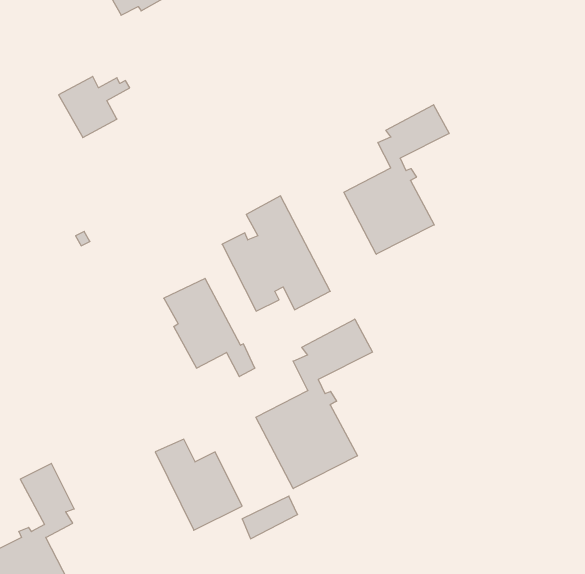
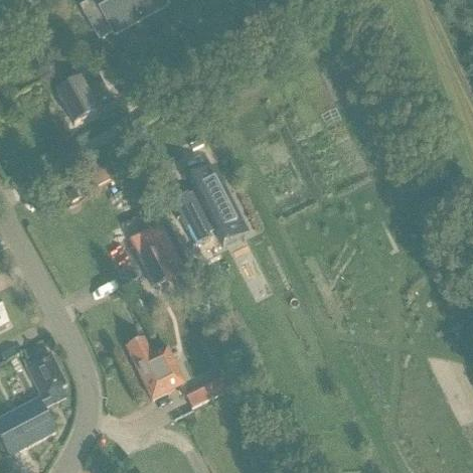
building: [344,105,449,254] -> none
building: [256,319,372,489] -> none

